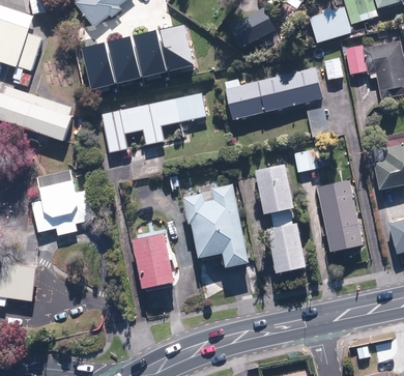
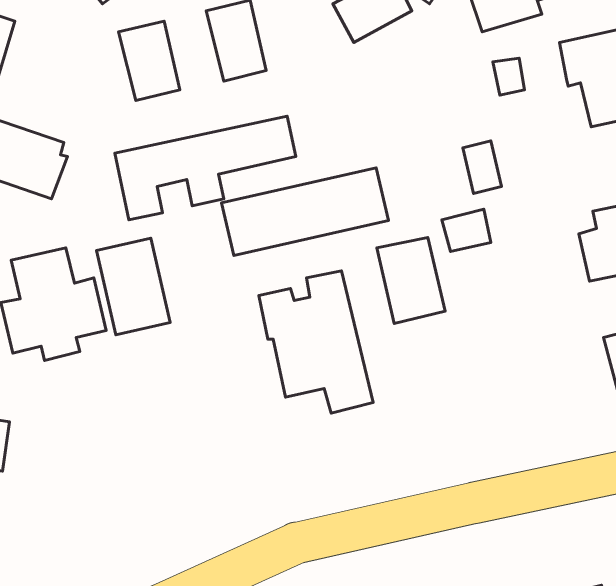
building: [128,30,164,77] -> none
building: [78,42,112,89] -> none
building: [344,46,366,75] -> none
building: [224,67,322,119] -> [222,168,388,256]
building: [316,179,363,252] -> none
building: [267,222,307,272] -> none
building: [133,231,176,288] -> [96,238,170,335]

